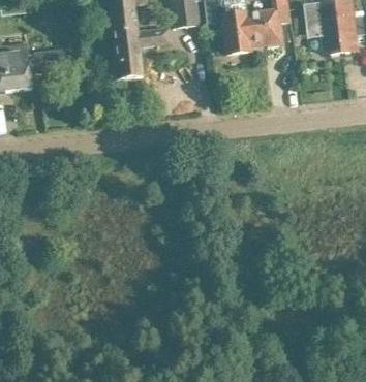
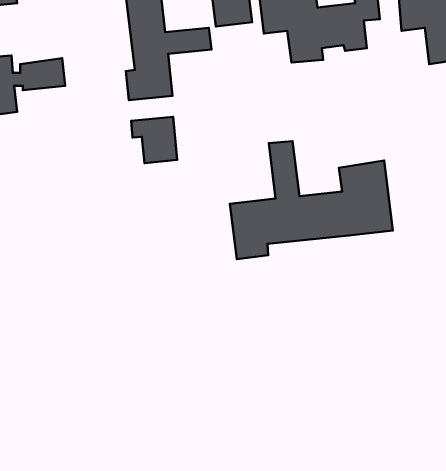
building: none -> [131,117,177,163]
building: none -> [230,141,393,259]

